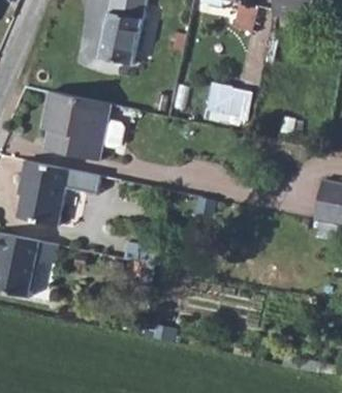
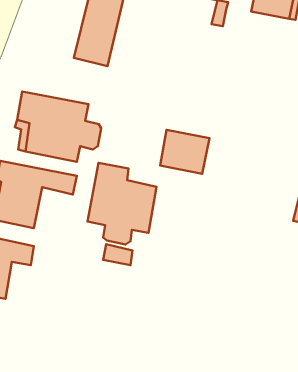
building: [206,80,254,123] -> [160,130,210,174]
building: none -> [87,163,157,244]

